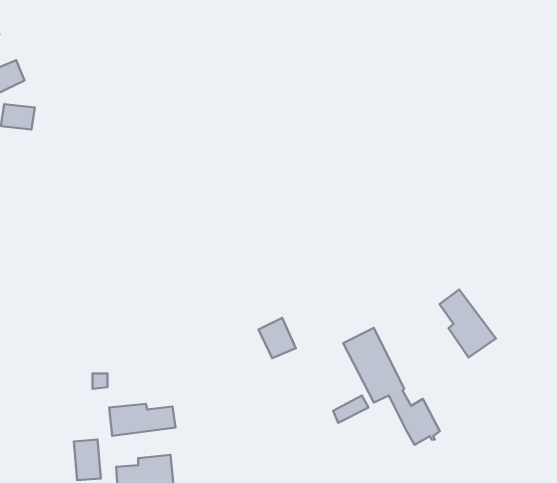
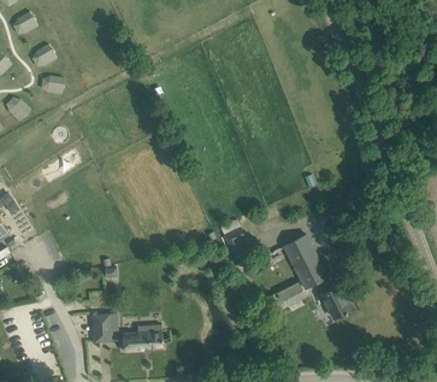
building: [439,289,496,357] -> none
building: [109,404,175,436] -> none

